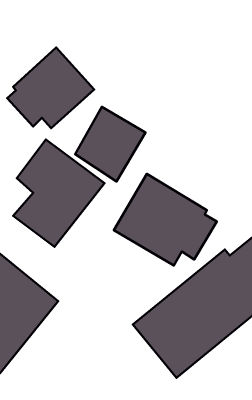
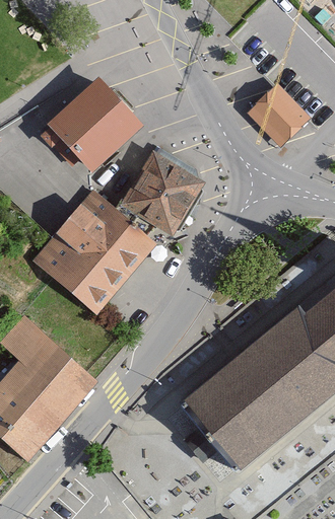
building: none -> [247,87,311,151]
building: [114,174,217,265] -> none

